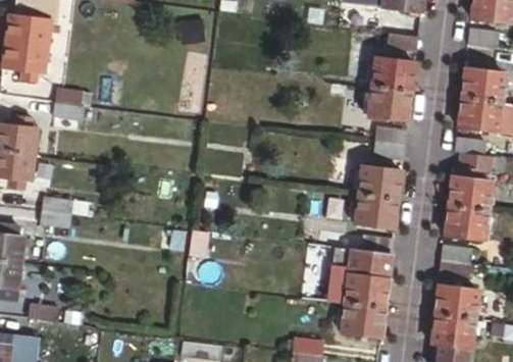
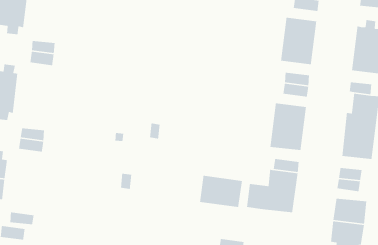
building: none -> [199,175,243,208]
building: [342,301,384,334] -> none

